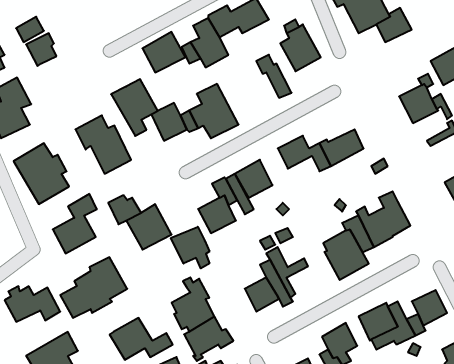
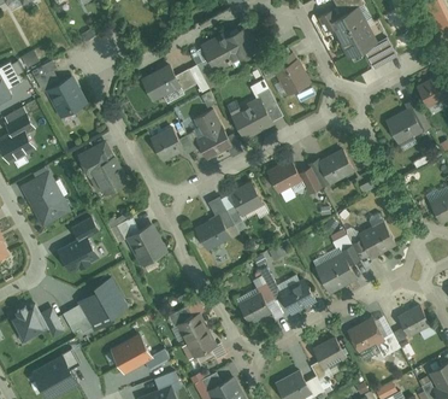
building: none -> [225,98,273,140]
building: [111,79,158,136] -> [45,75,89,129]
building: [171,227,209,268] -> none
building: none -> [278,280,317,316]

